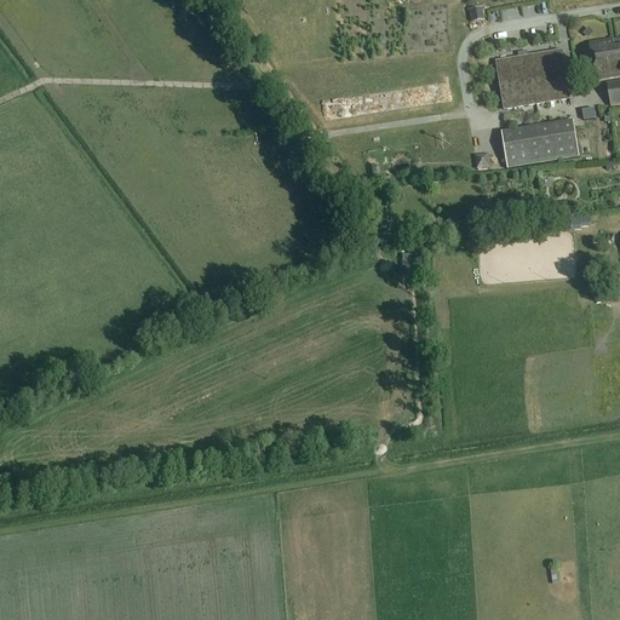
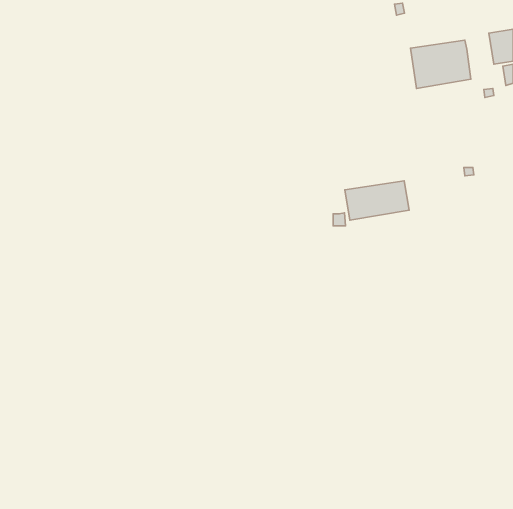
building: [500,119,578,166] -> [345,181,409,220]

